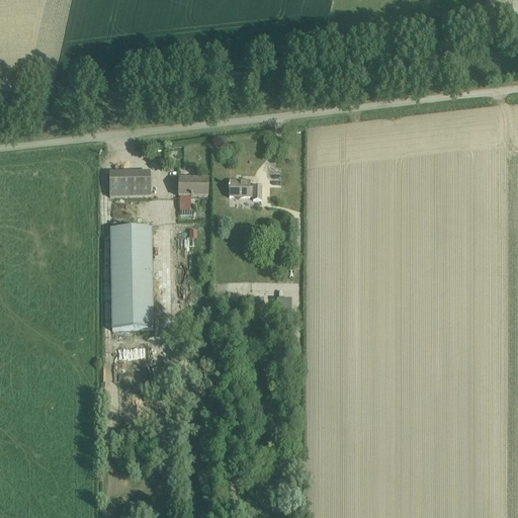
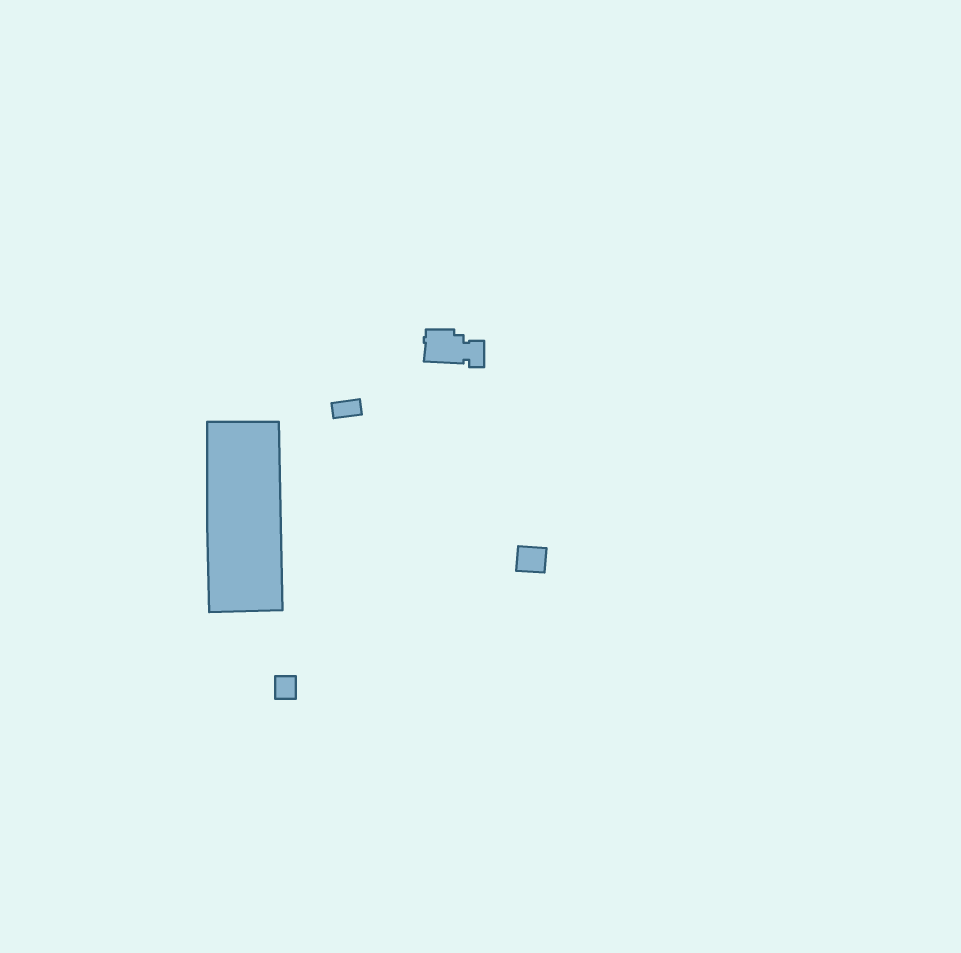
building: [108,169,150,194] -> none
building: [177,176,207,193] -> none

